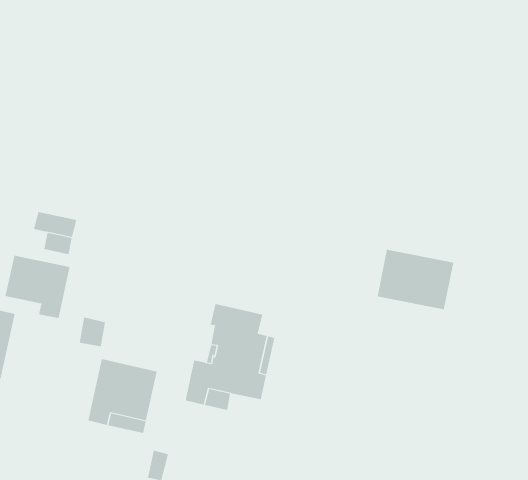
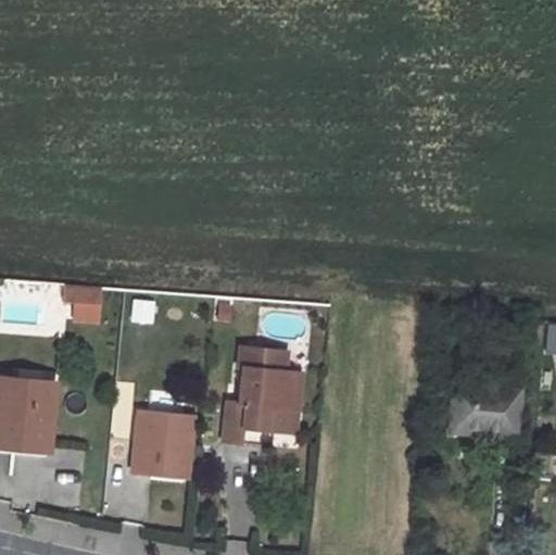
building: [377,249,454,310] -> [450,383,518,433]
building: [5,255,70,319] -> none

